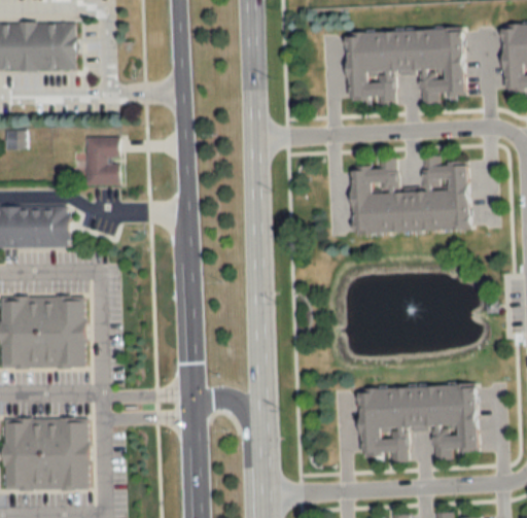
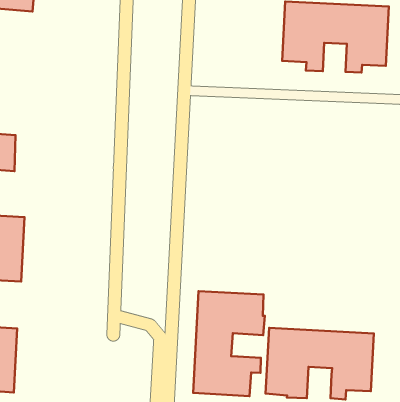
building: [85,134,120,182] -> none
building: [349,158,468,235] -> none
building: none -> [193,291,265,396]

